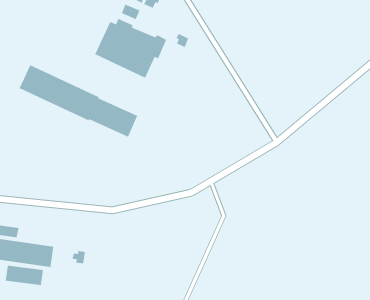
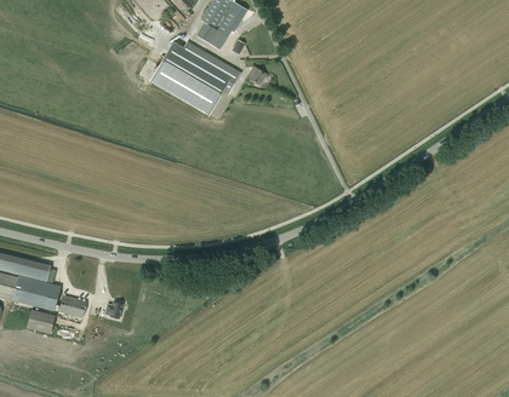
building: [19,64,138,138] -> none

